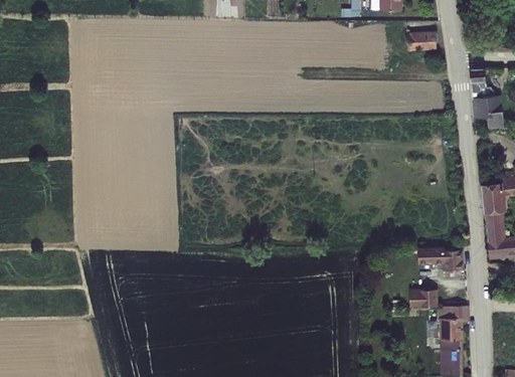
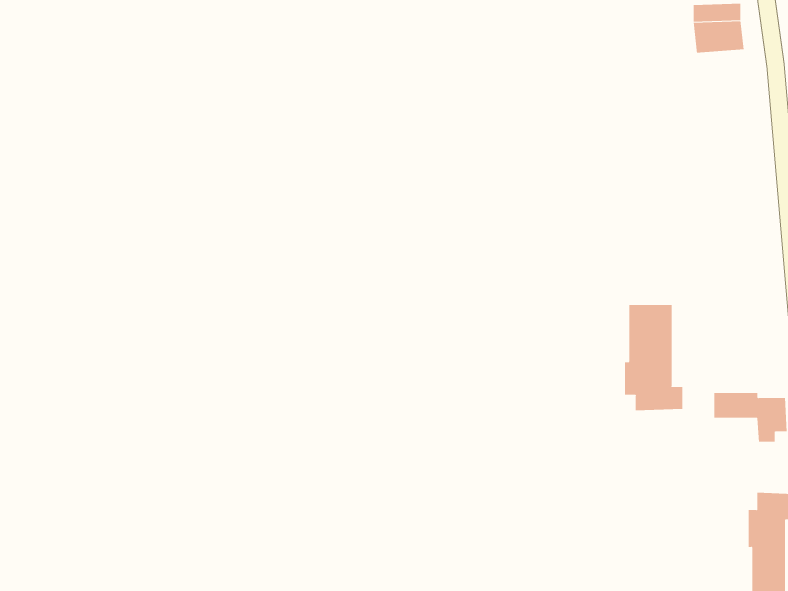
building: none -> [624,304,683,411]
building: [409,289,438,309] -> none

